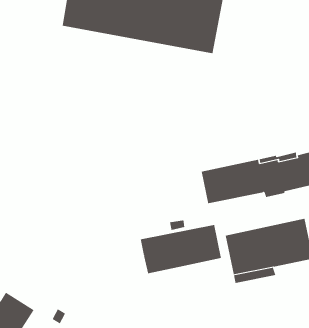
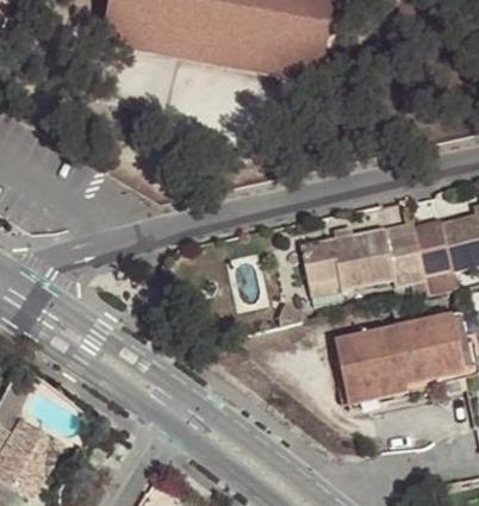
building: [140,224,222,274] -> none

